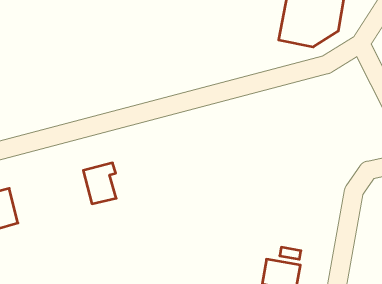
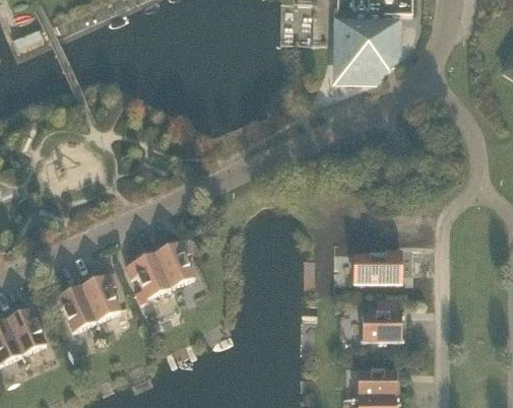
building: none -> [124,253,169,297]
building: none -> [79,272,119,320]
building: none -> [352,250,398,282]

